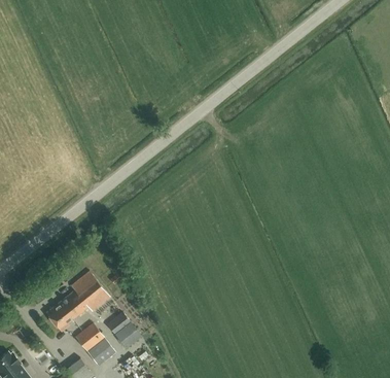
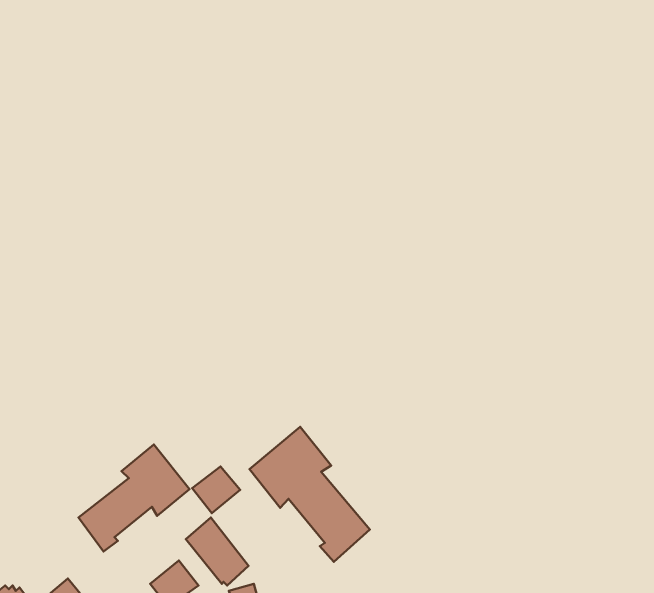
building: none -> [249,427,370,562]
building: [76,323,104,350] -> [192,467,240,513]

